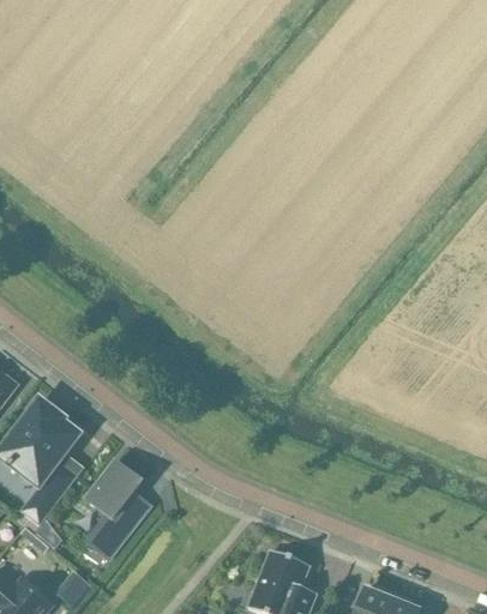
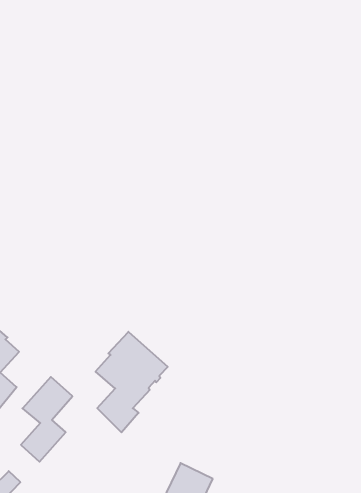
building: none -> [96,332,168,432]

